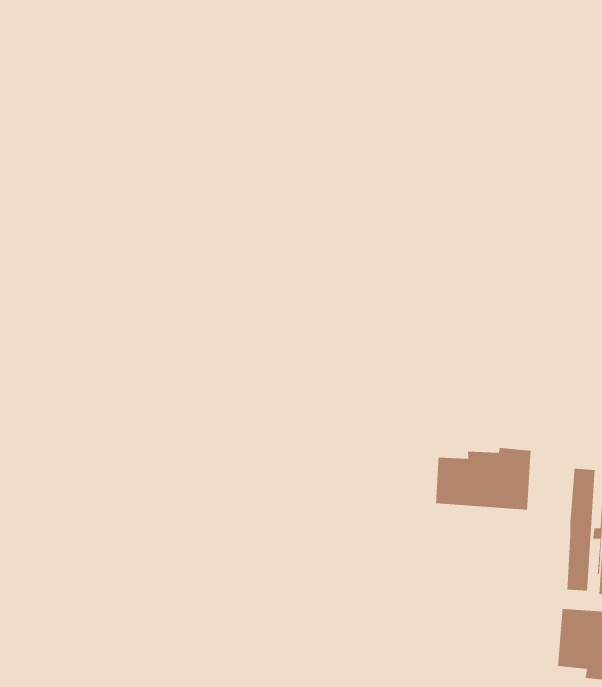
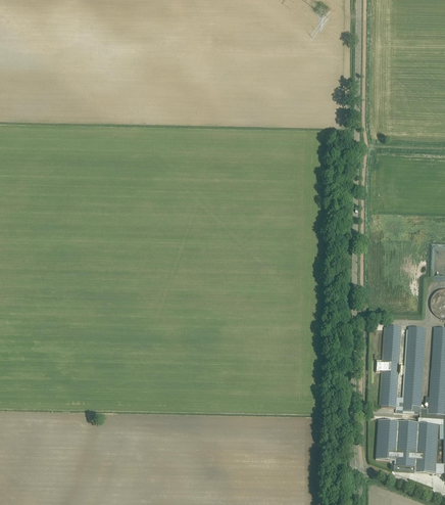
building: [435,447,531,510] -> none

